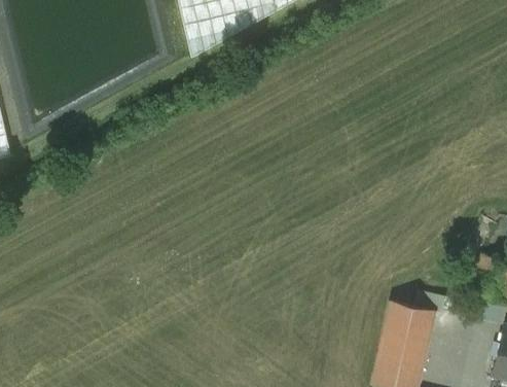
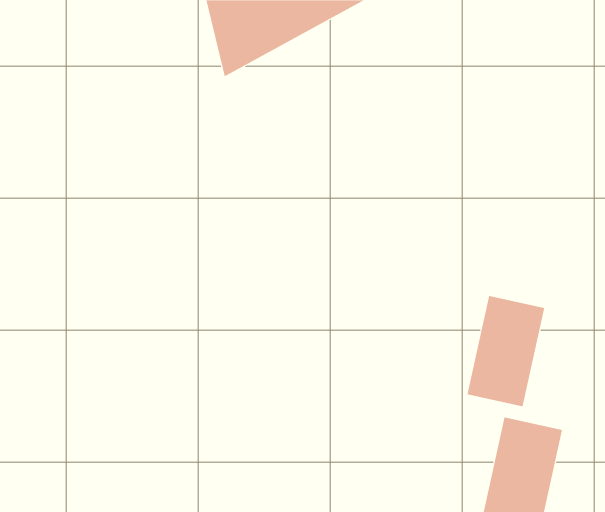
building: none -> [467,295,545,407]

